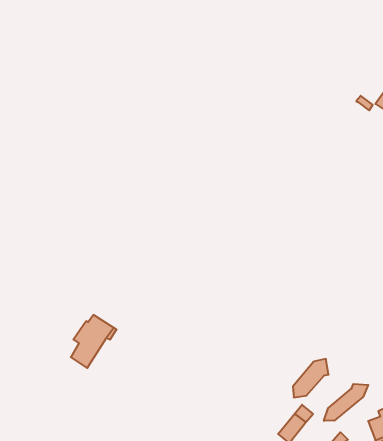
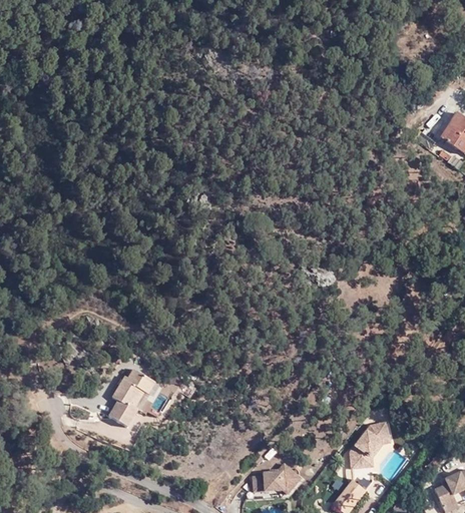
building: [324,384,368,421] -> none
building: none -> [254,461,302,491]

